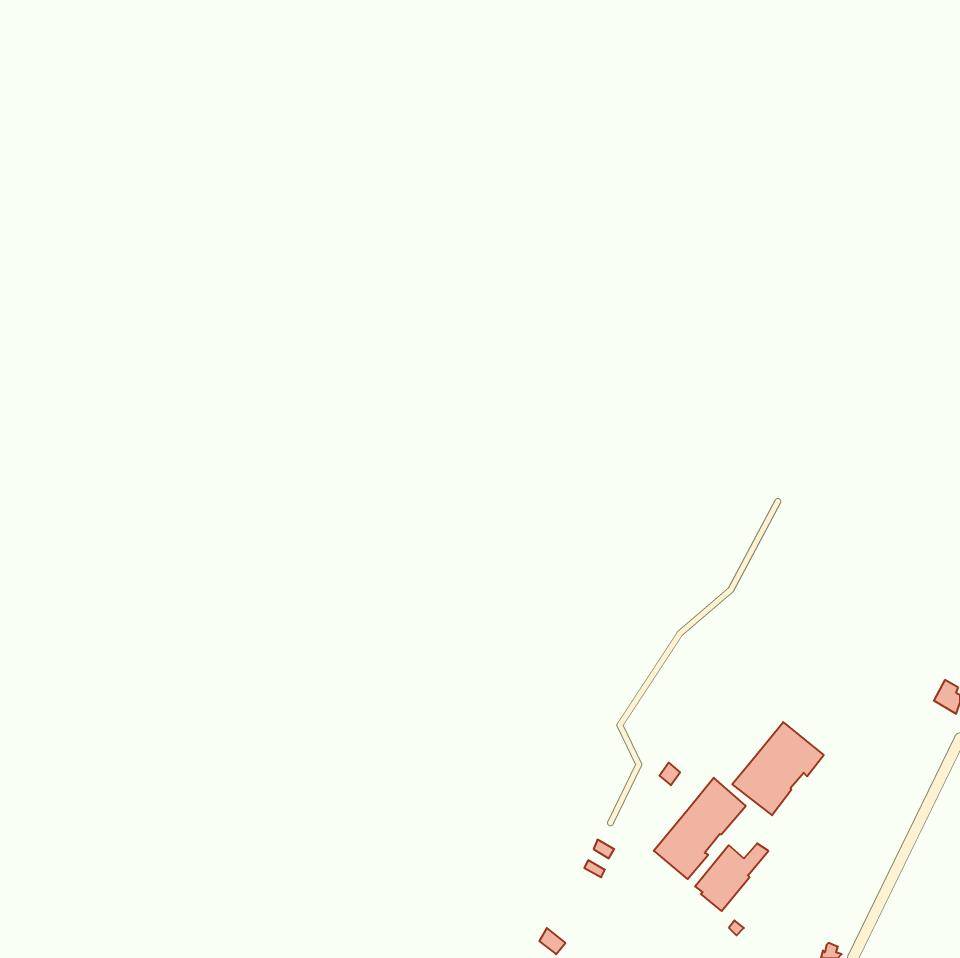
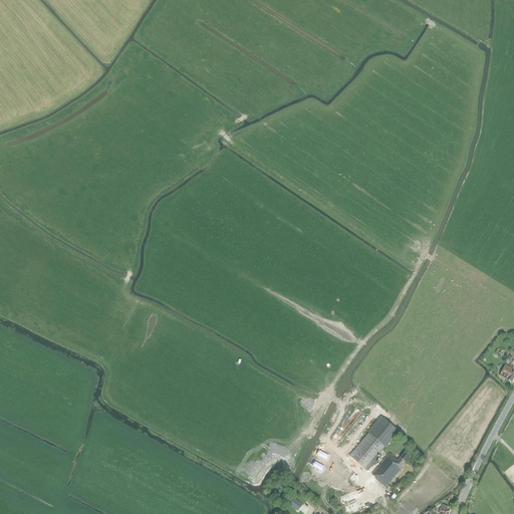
building: [732,722,824,815] -> none

